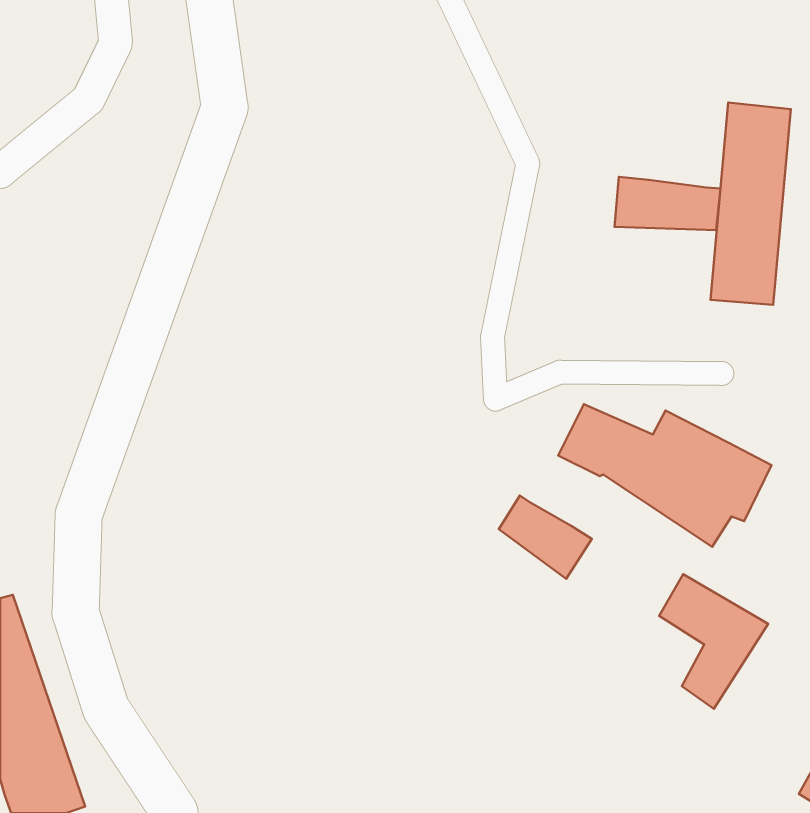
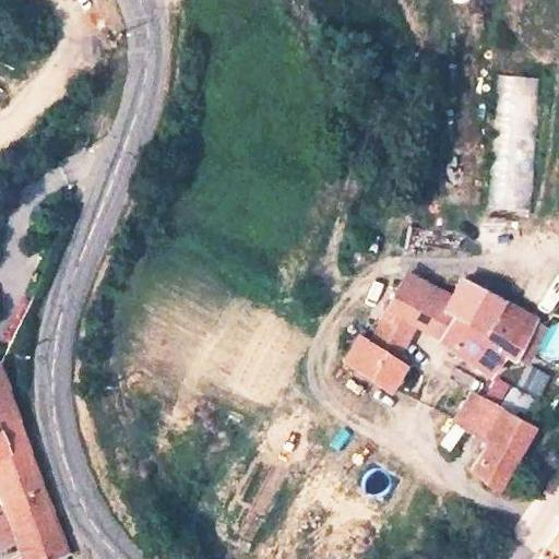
building: [614,177,721,230] -> none
building: none -> [367,310,415,358]

